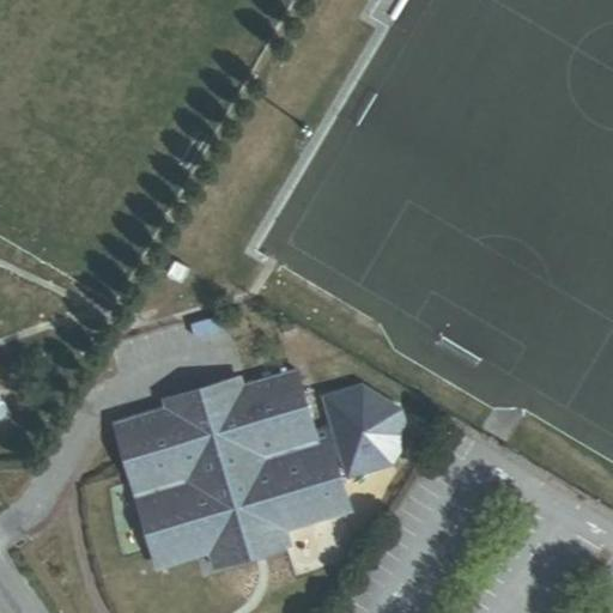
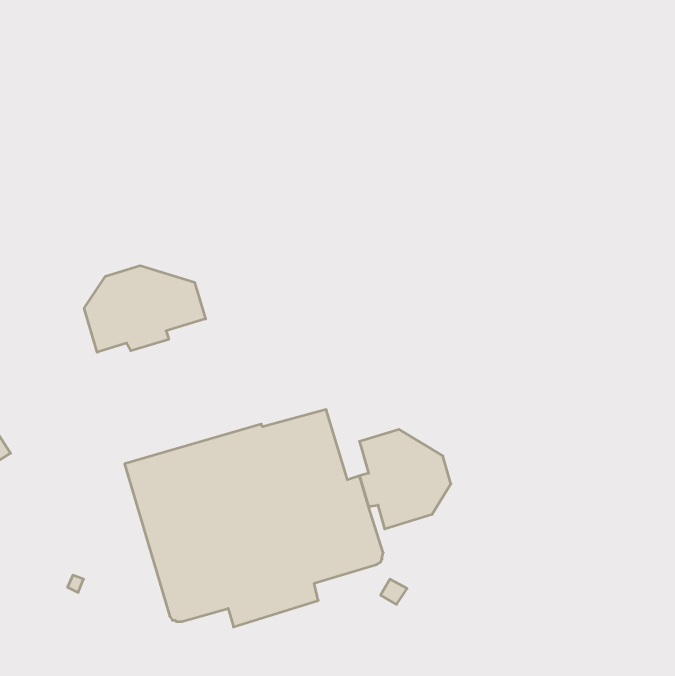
building: none -> [84,266,206,352]

